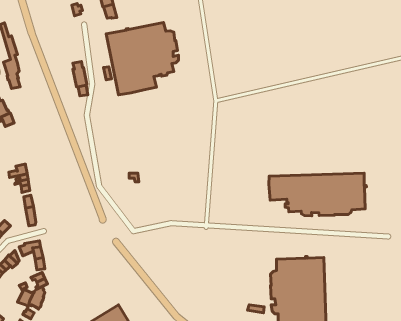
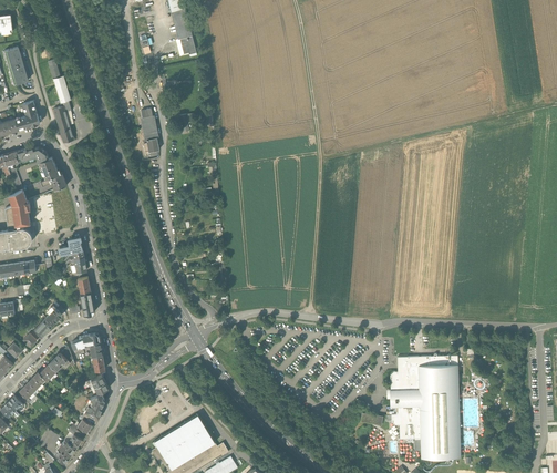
building: [106,23,179,95] -> none
building: [269,173,366,216] -> none

